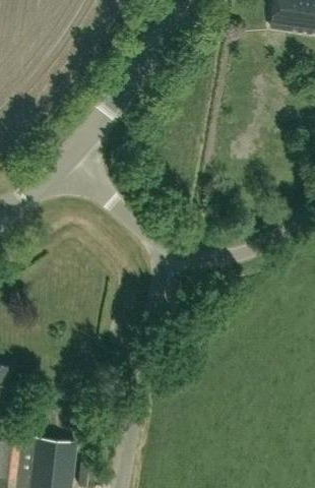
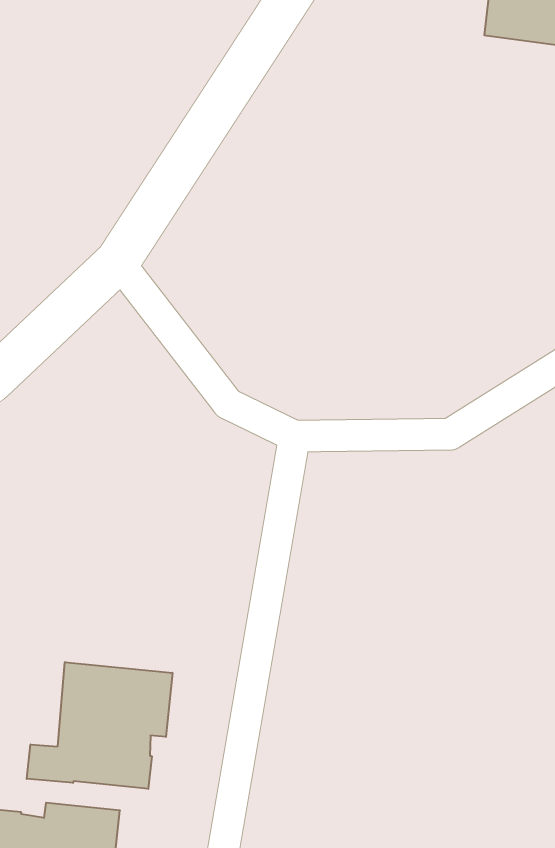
building: none -> [27,662,172,789]

